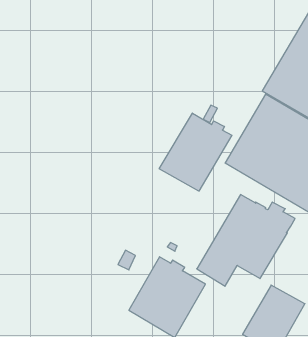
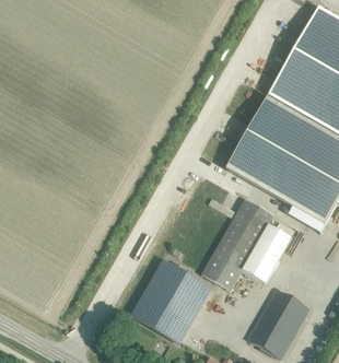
building: [159,113,232,191] -> none

